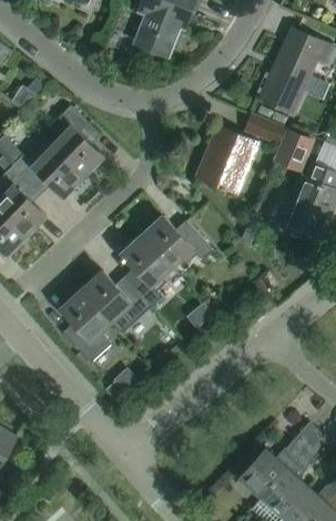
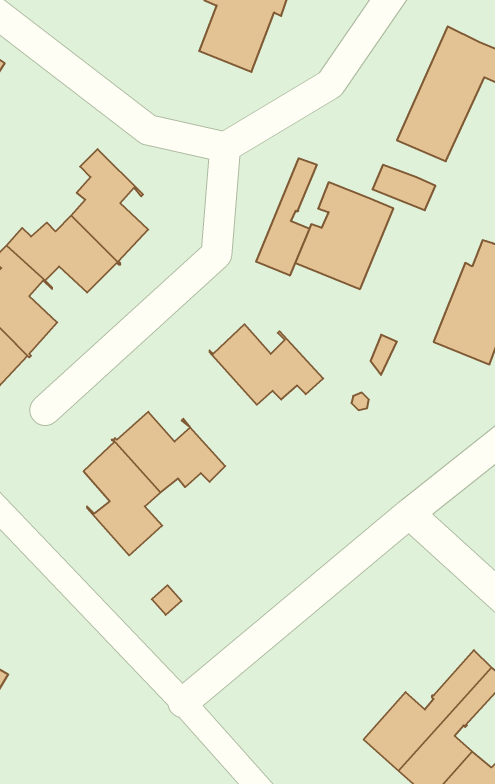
building: none -> [256,158,317,276]
building: [275,130,315,174] -> none
building: [122,233,172,305] -> none

